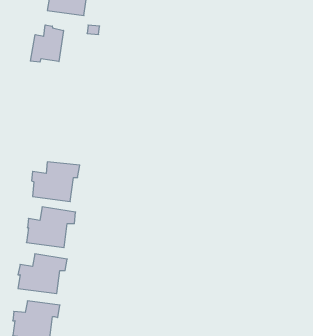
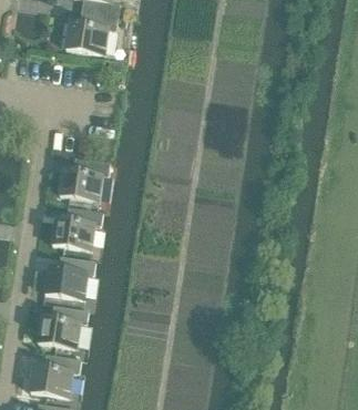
building: [30,25,63,62] -> none
building: none -> [59,157,109,201]

